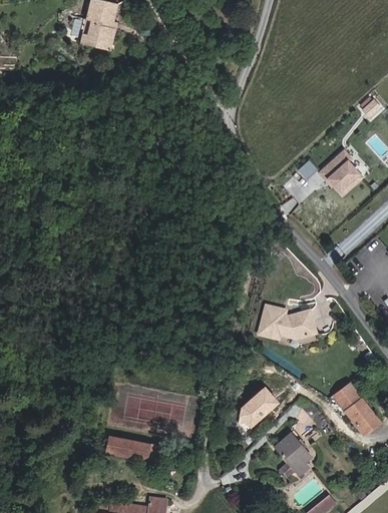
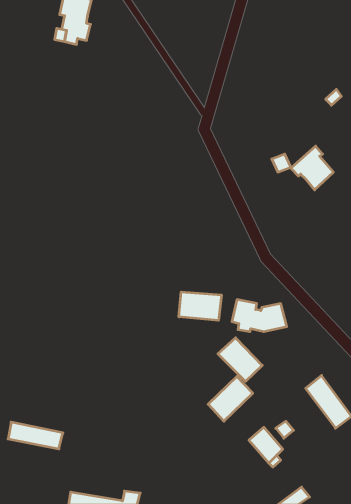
building: none -> [179,292,221,320]
building: none -> [218,338,262,381]
building: [106,436,161,463] -> [8,422,63,449]

